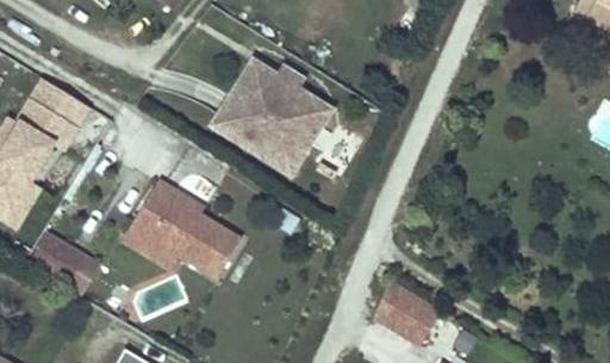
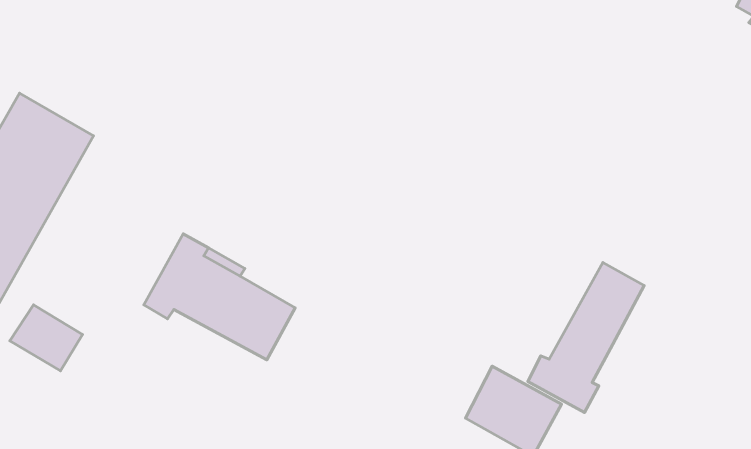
building: [212,62,330,175] -> none
building: none -> [528,263,644,412]

